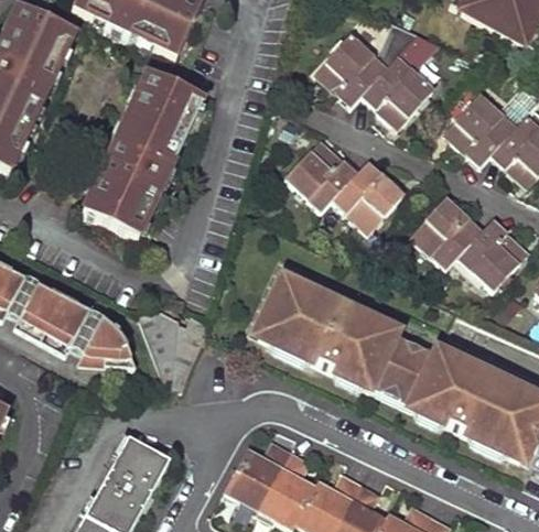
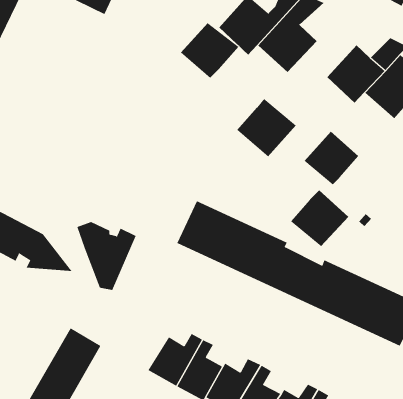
building: [77,73,202,239] -> none
building: [285,141,357,209] -> [180,22,239,79]
building: [459,218,530,287] -> [290,190,349,247]

